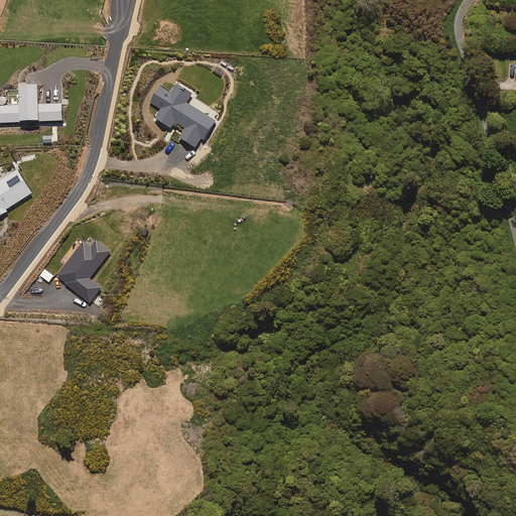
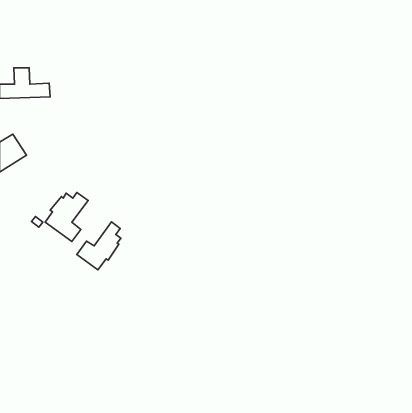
building: [149,83,216,148] -> none
building: none -> [77,222,121,270]

